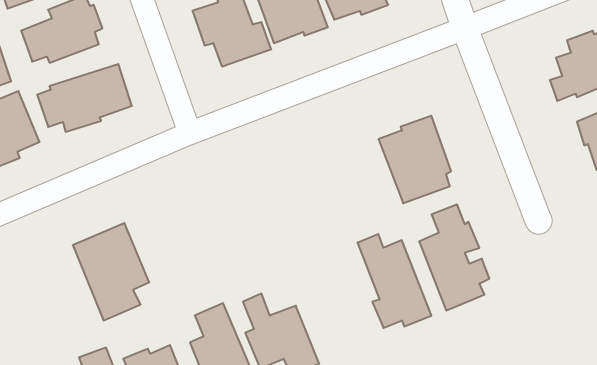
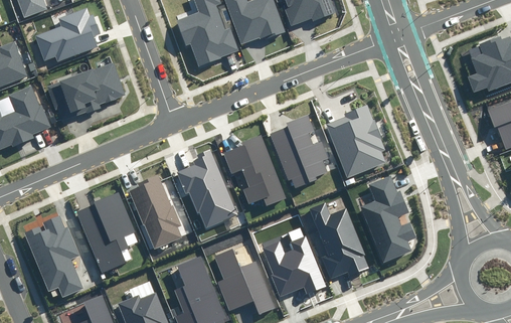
building: none -> [269,115,329,188]
building: none -> [223,135,286,206]
building: none -> [176,150,236,227]
building: none -> [128,174,182,250]
building: none -> [23,216,82,297]
building: none -> [259,235,325,295]

